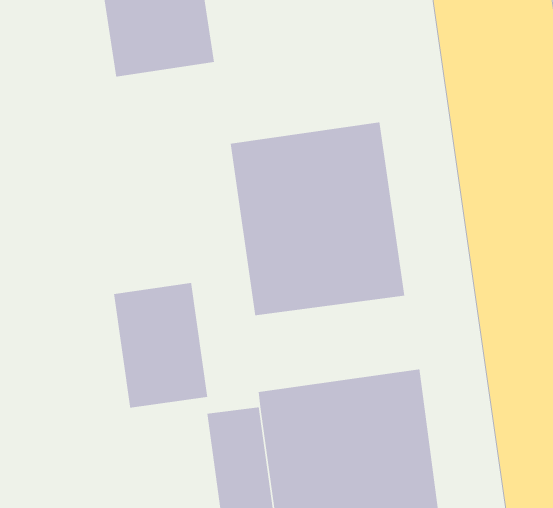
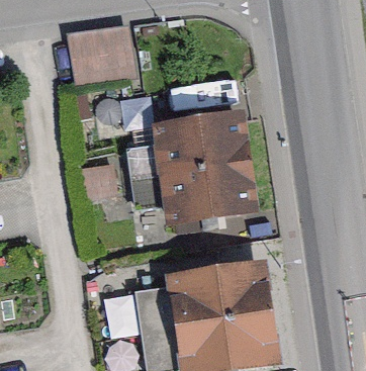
building: [113,282,208,409] -> none

